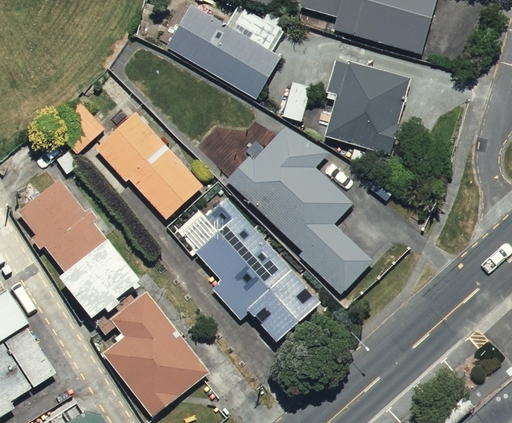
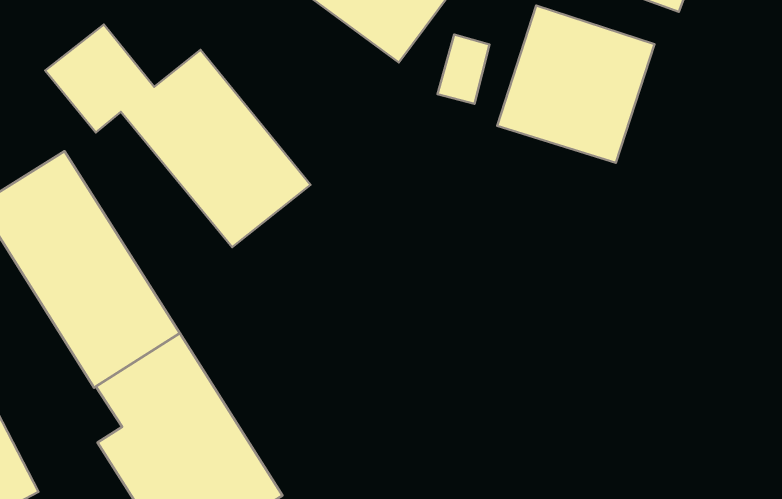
building: [215,122,369,290] -> none
building: [190,198,319,339] -> none

